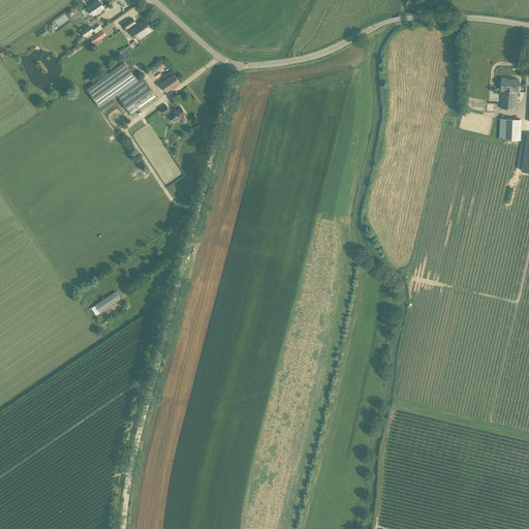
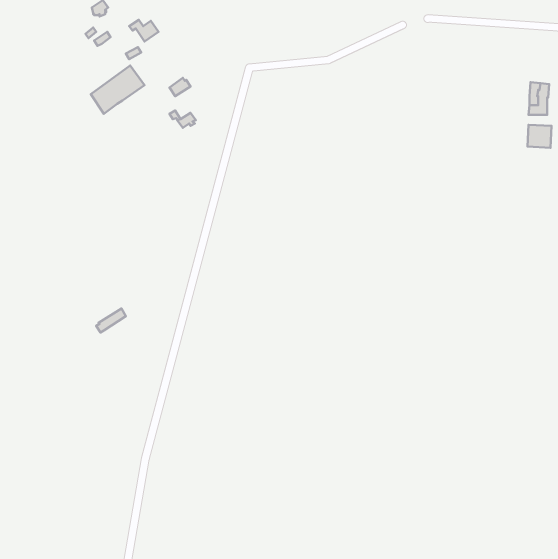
building: [116,76,157,117] -> none

